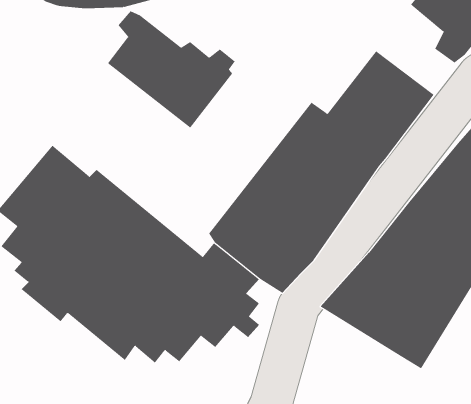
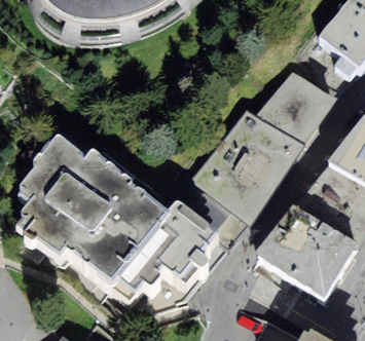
building: [107,11,236,128] -> none

